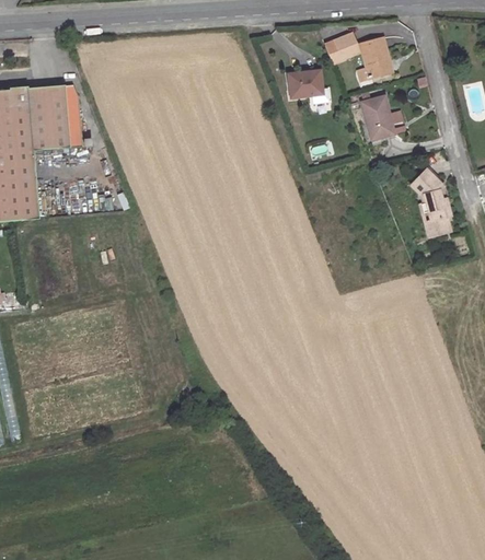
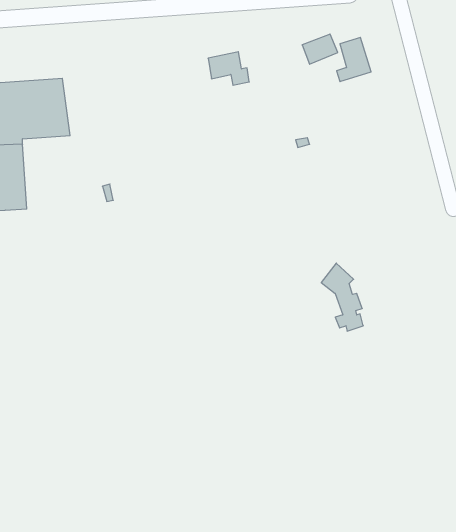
building: [287,75,328,109] -> [208,52,249,85]
building: [357,97,392,142] -> none
building: [408,171,451,240] -> [321,263,363,331]

